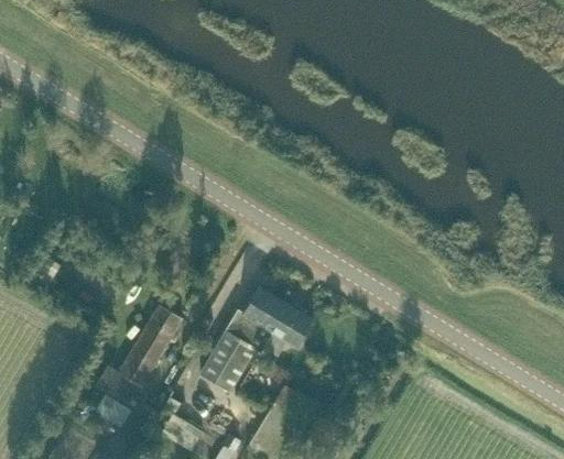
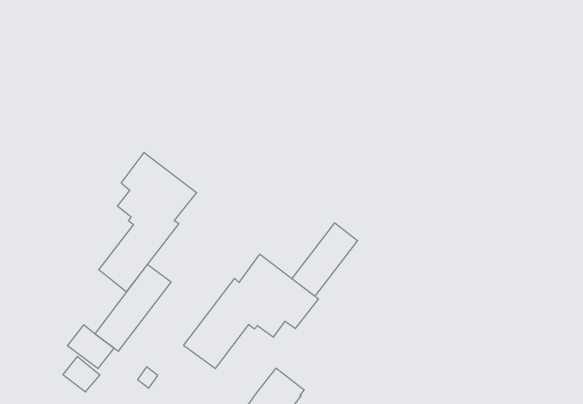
building: none -> [99,152,197,292]
building: none -> [292,223,358,296]

